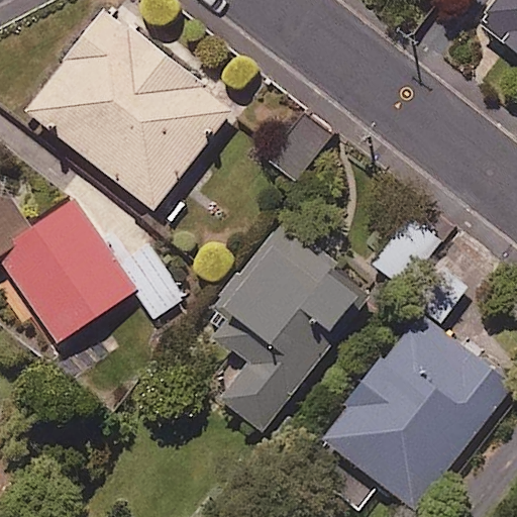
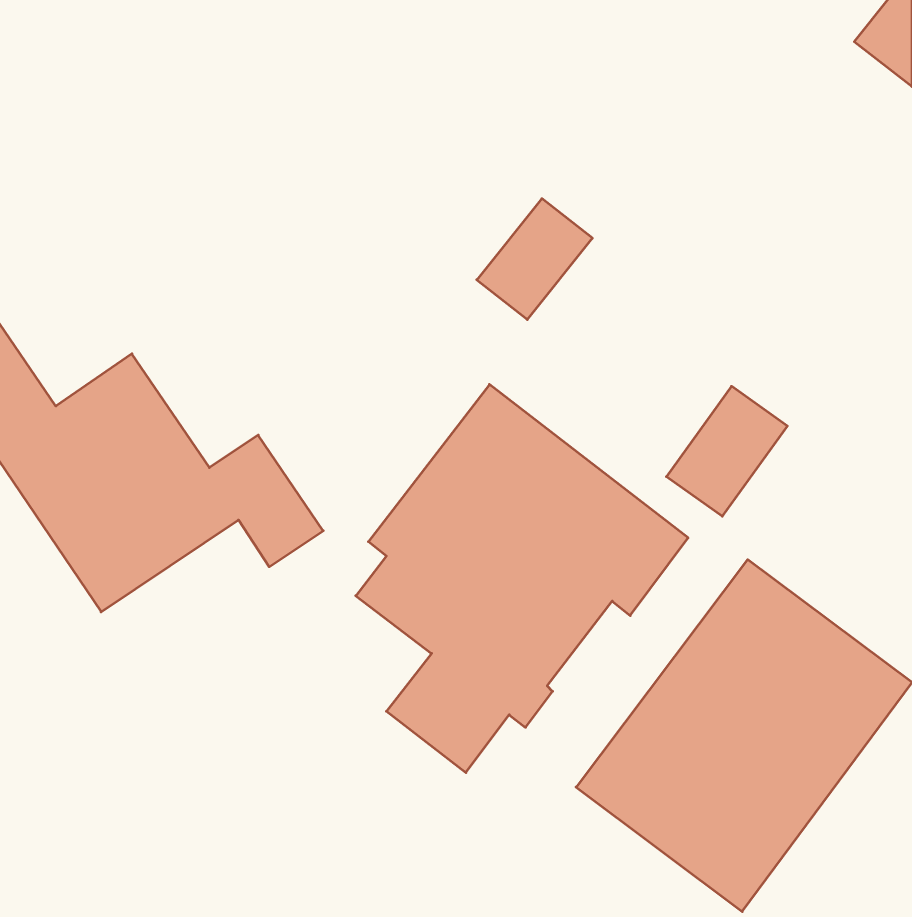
building: [27,10,232,209] -> none

